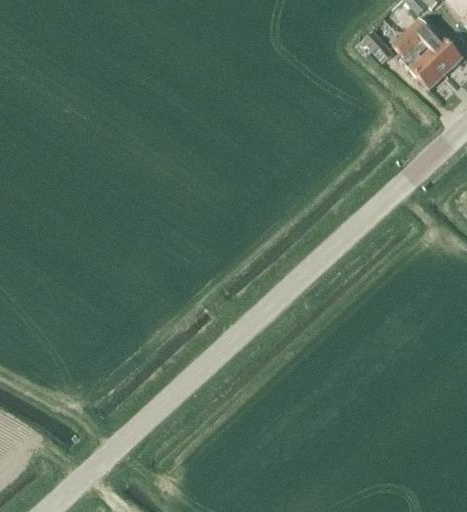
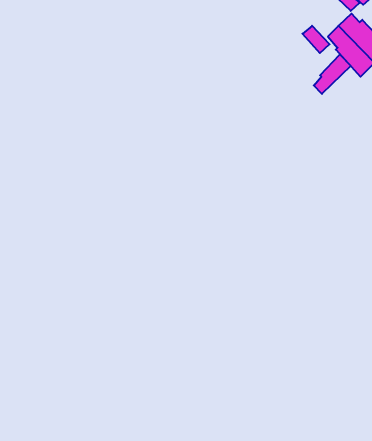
building: none -> [314,54,351,94]

